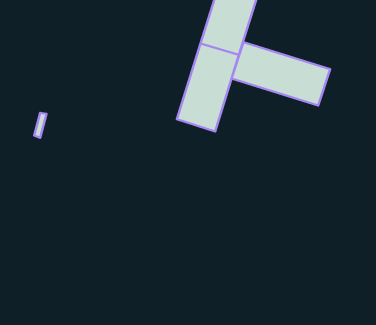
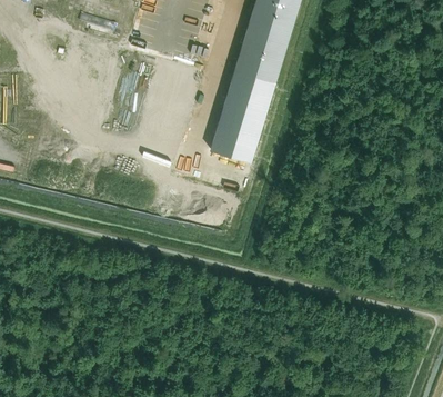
building: [232,42,330,106] -> none

